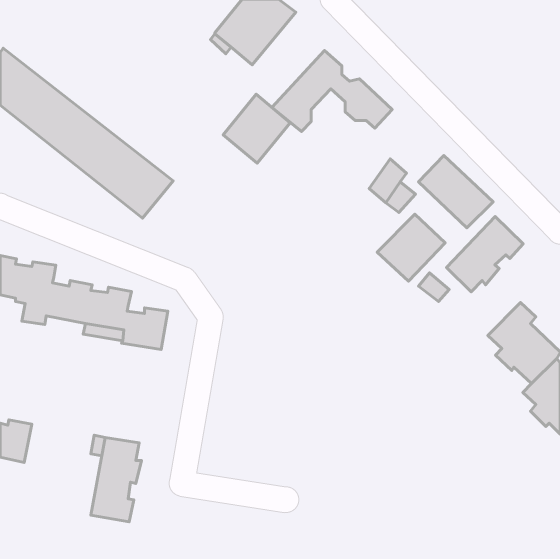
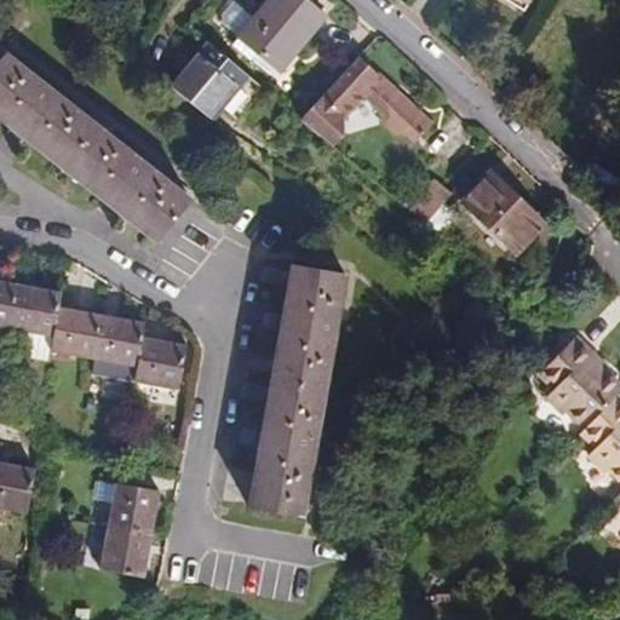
building: [223,94,290,163] -> [172,41,246,117]
building: [377,214,445,281] -> none
building: [447,217,523,292] -> none
building: none -> [249,264,345,517]

